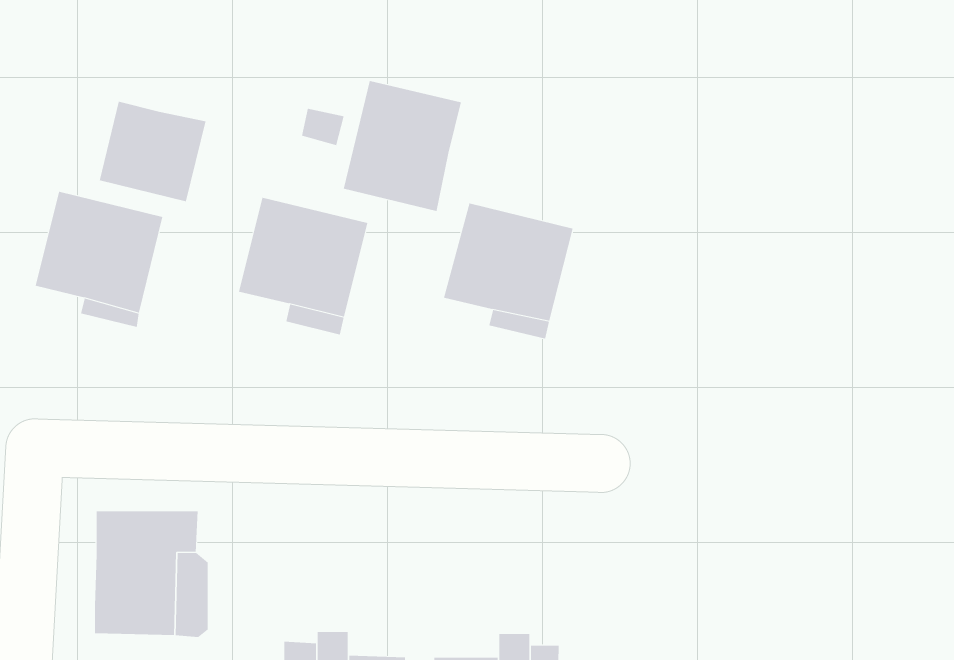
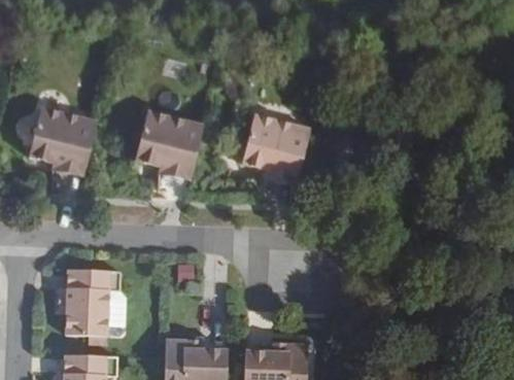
building: [343,80,462,212] -> none
building: [99,101,206,202] -> none

